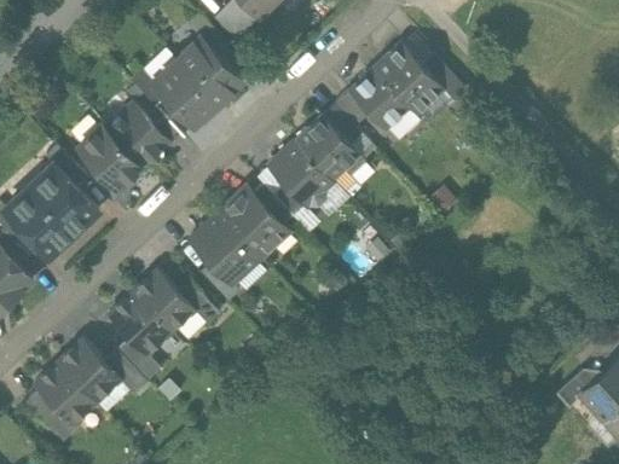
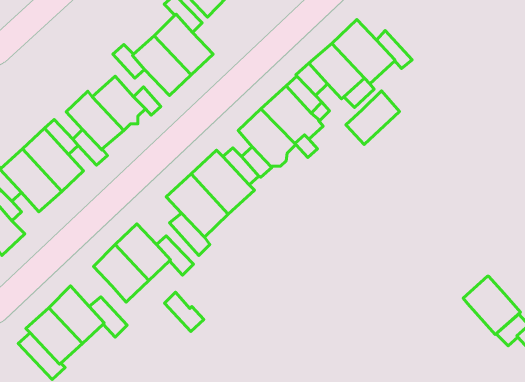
building: none -> [346,91,400,145]
building: none -> [463,276,521,334]
building: [117,338,161,382] -> [165,292,204,331]

